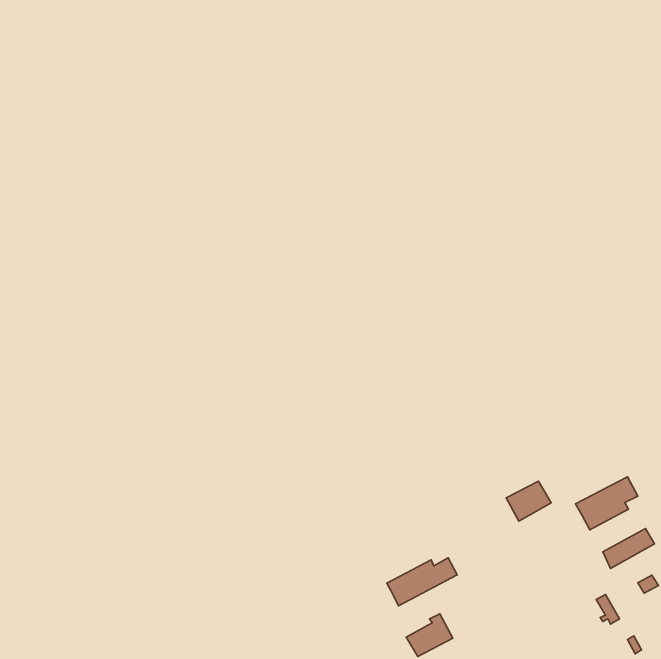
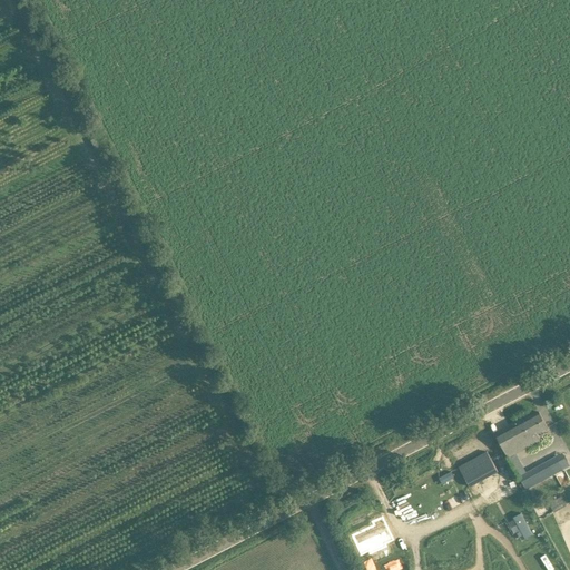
building: [506,481,551,521] -> [459,451,498,485]
building: [387,558,457,606] -> none

